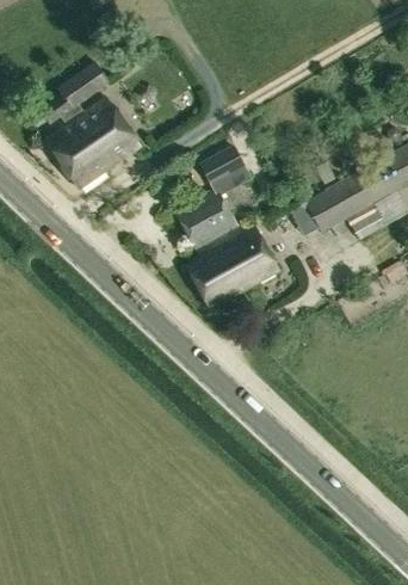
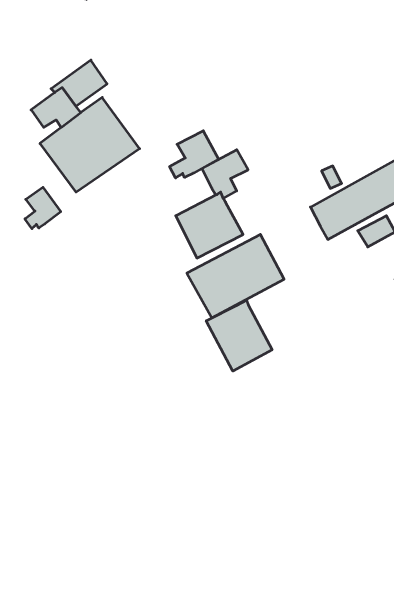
building: none -> [170,131,219,178]
building: none -> [25,187,61,229]
building: none -> [206,300,272,371]

